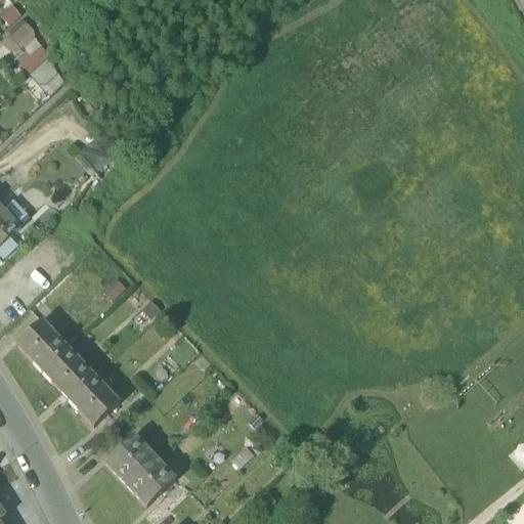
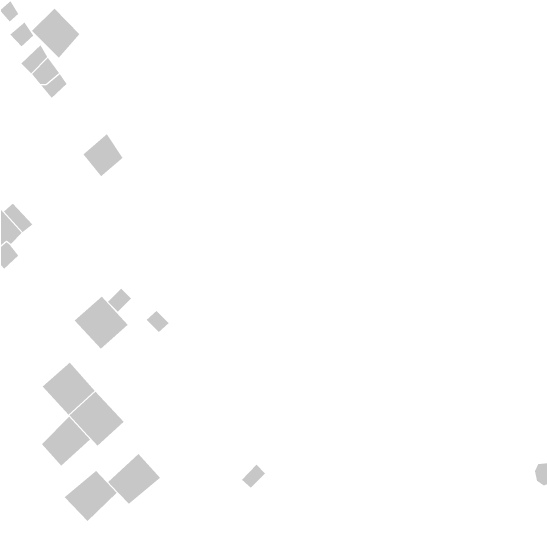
building: none -> [31,8,80,58]
building: [15,317,68,368] -> [74,296,129,349]
building: none -> [41,416,91,467]
building: [124,455,175,505] -> [64,470,118,522]

